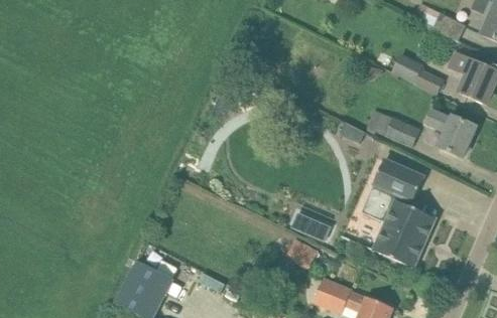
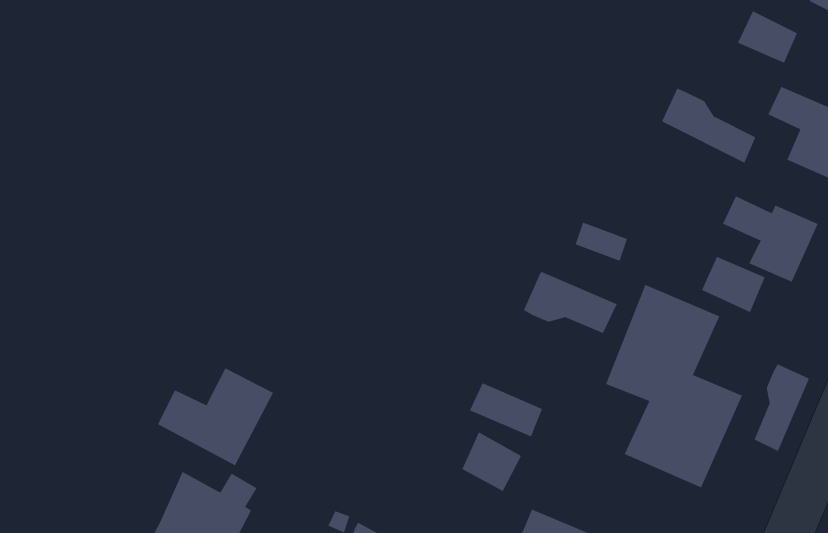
building: [385,119,419,149] -> [701,256,766,313]
building: none -> [523,271,618,334]
building: none -> [754,364,809,452]
building: none -> [157,368,274,466]

